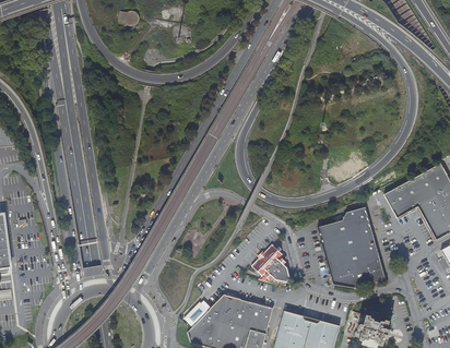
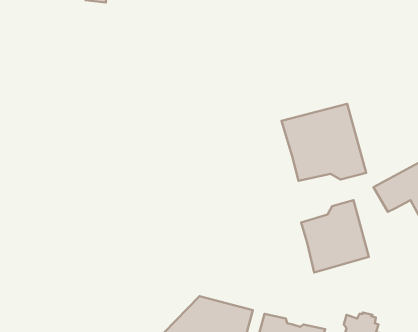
building: none -> [282,104,366,181]
building: [251,242,289,284] -> none
building: [329,257,384,286] -> none

